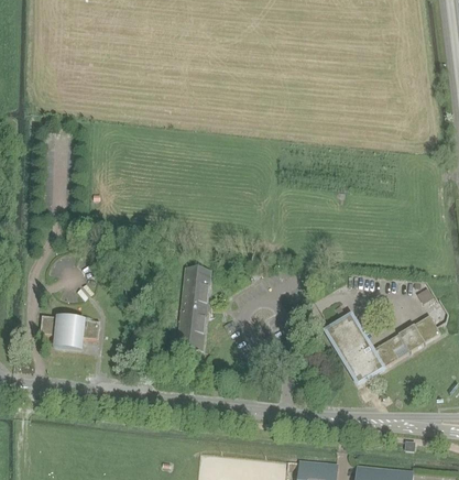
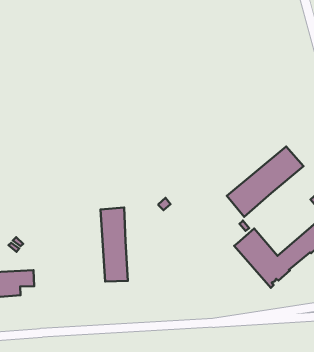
building: none -> [227,146,303,217]

